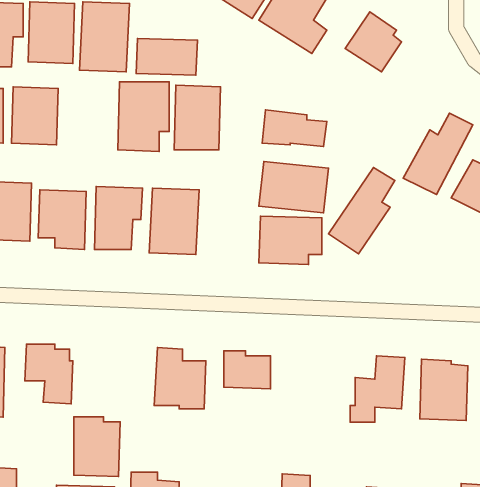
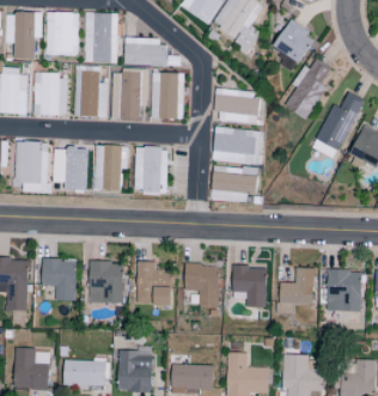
building: none -> [73,66,106,117]
building: [329,167,395,254] -> [284,59,331,121]
building: none -> [232,266,266,309]
building: [74,417,120,477] -> [90,261,123,304]

